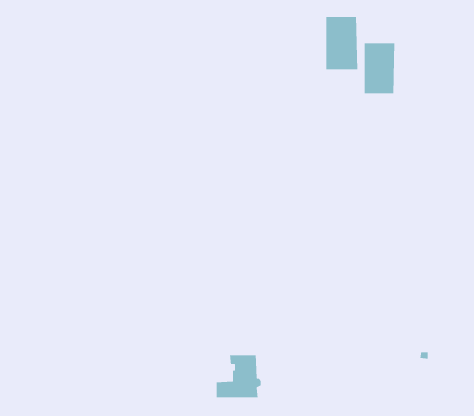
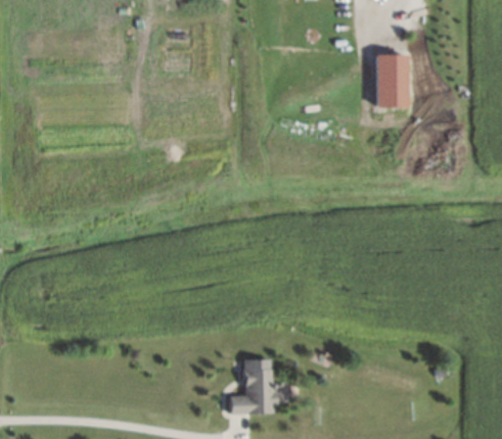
building: [326,16,358,70] -> none

